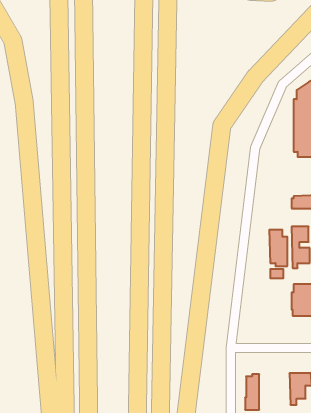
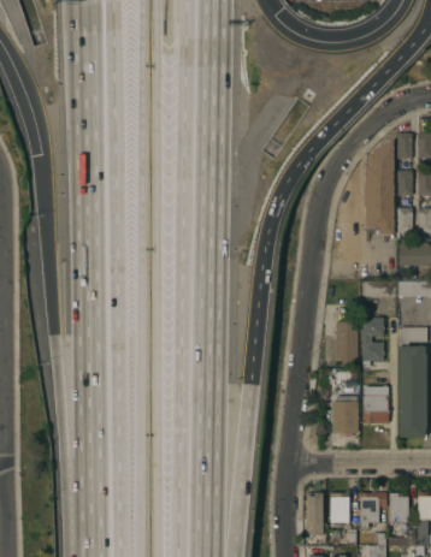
building: none -> [332,397,359,438]
building: none -> [331,493,350,523]

